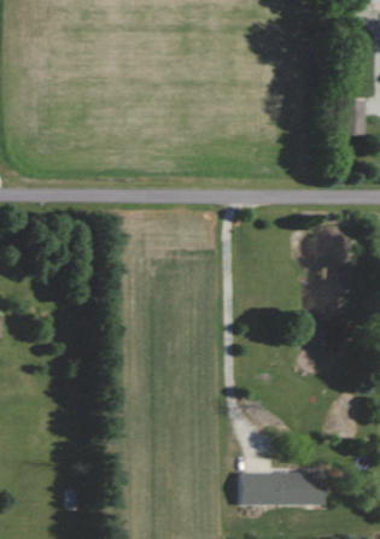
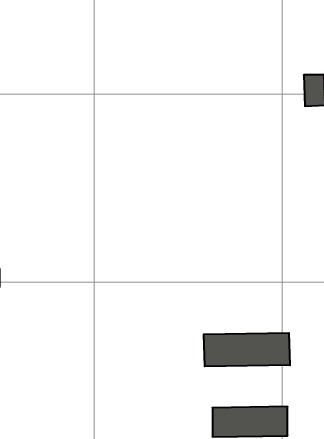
building: none -> [204,333,290,366]

